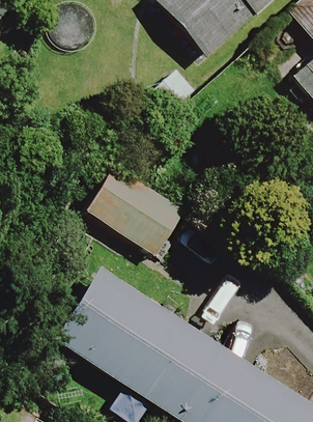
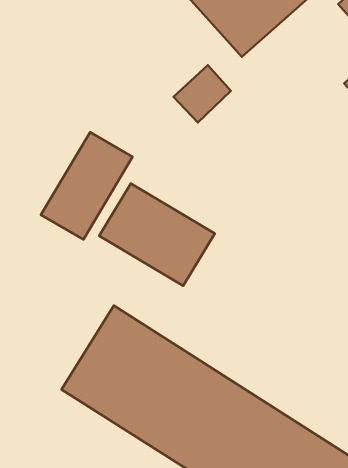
building: none -> [41,132,133,240]

